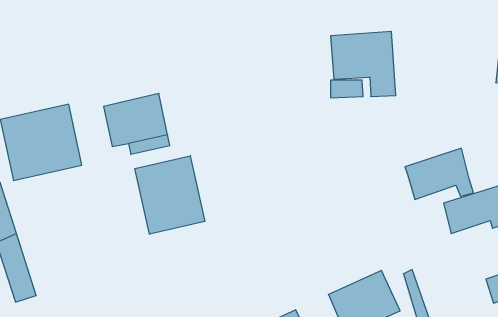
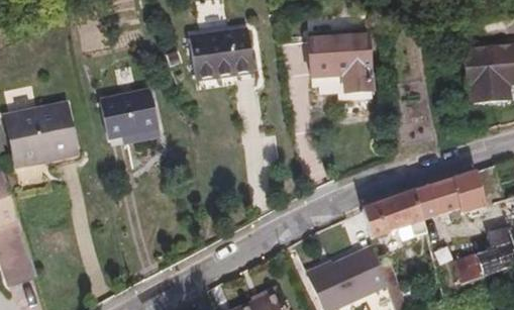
building: none -> [189,27,253,79]
building: [405,148,473,199] -> [363,190,426,237]
building: [135,156,205,234] -> none

